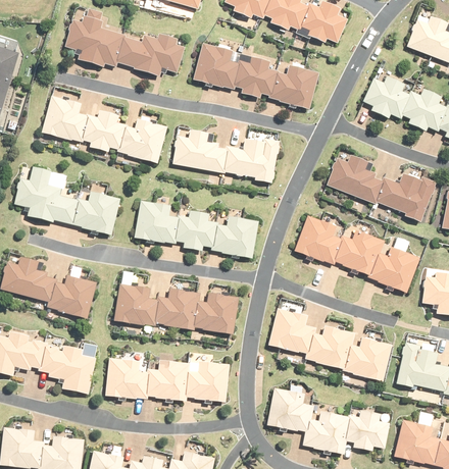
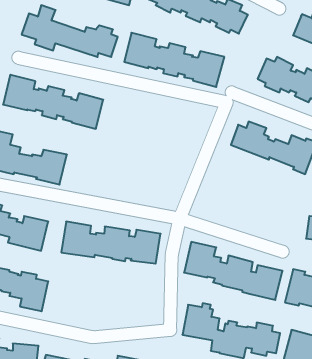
building: [172,129,279,183] -> none
building: [133,199,258,258] -> none
building: [293,215,420,293] -> none
building: [104,357,229,402] -> none

